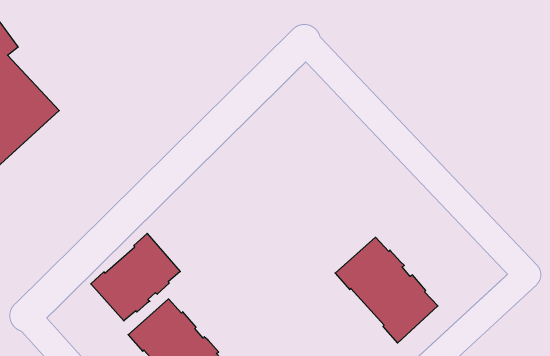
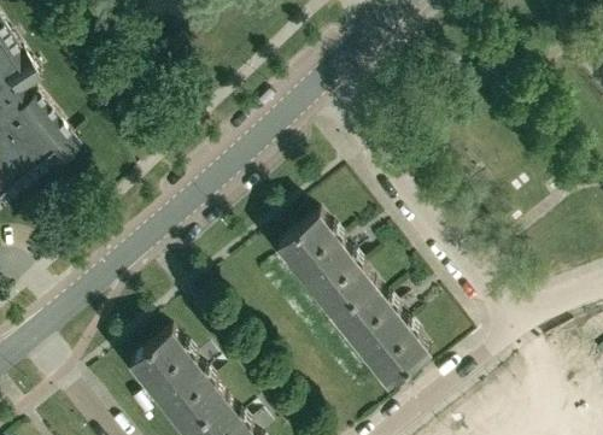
building: none -> [274,213,370,316]
building: [91,233,180,321] -> none

